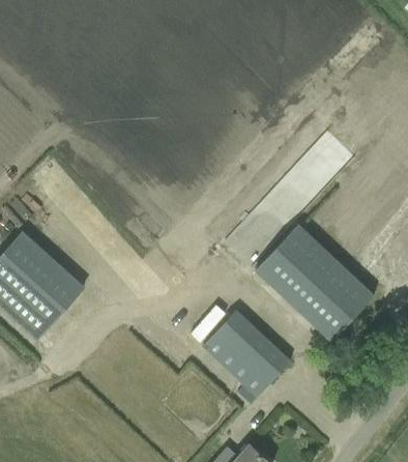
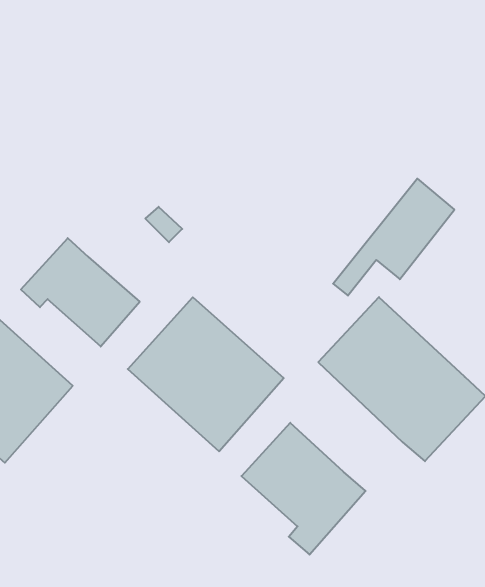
building: none -> [21,238,140,347]
building: none -> [128,297,284,451]

